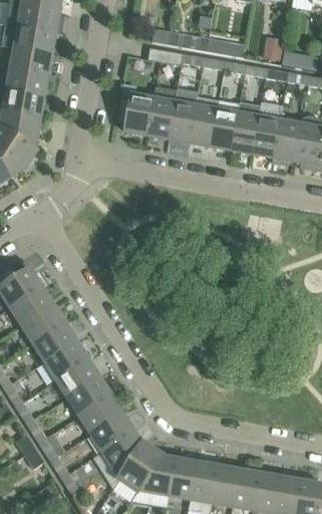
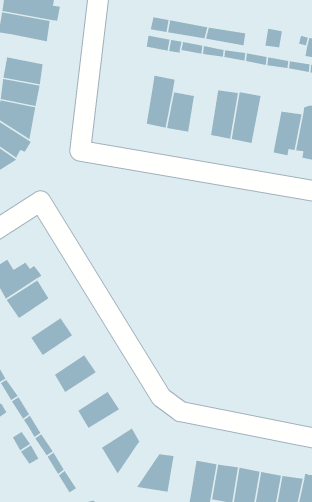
building: [10,47,50,75] -> none
building: [115,95,152,135] -> none
building: [189,97,217,146] -> none
building: [251,101,281,157] -> none
building: [22,305,63,343] -> none
building: [45,341,91,379] -> none
building: [67,377,109,415] -> none
building: [90,414,132,451] -> none
building: [117,443,160,492] -> none
building: [169,453,196,499] -> none

